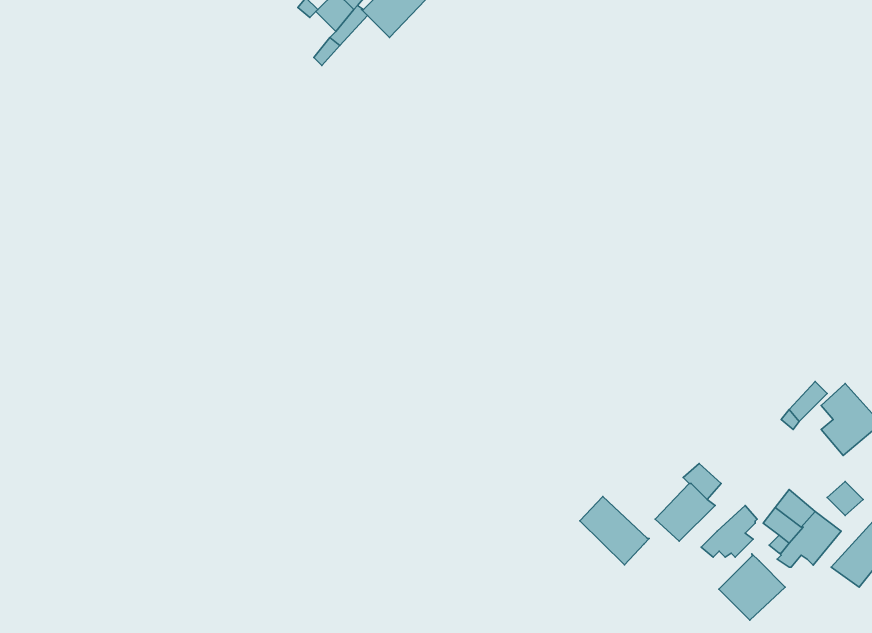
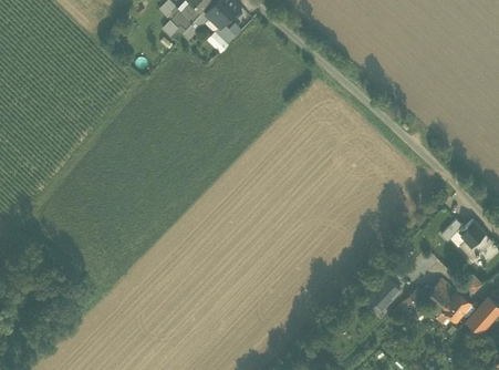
building: [580,496,649,565] -> none
building: [719,554,785,620] -> none

